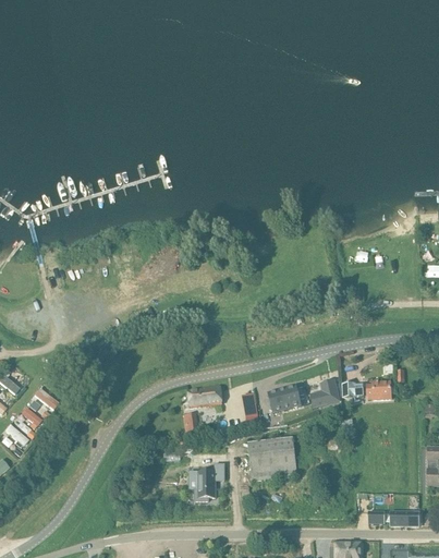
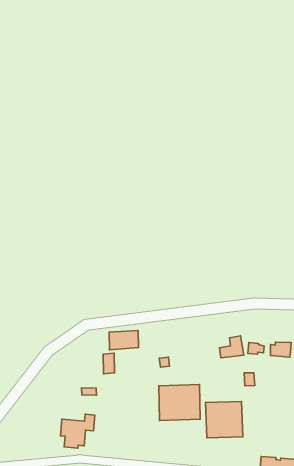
building: [269,386,300,411] -> none
building: none -> [205,401,243,438]
building: [188,463,224,501] -> [60,414,95,448]

